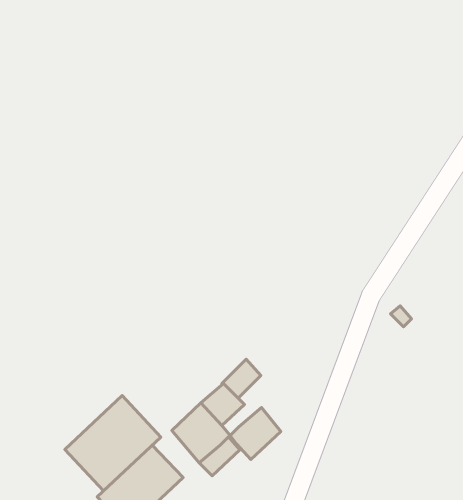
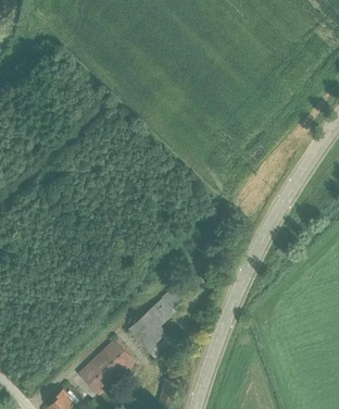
building: [65,396,161,491] -> none
building: [230,407,281,459] -> none

